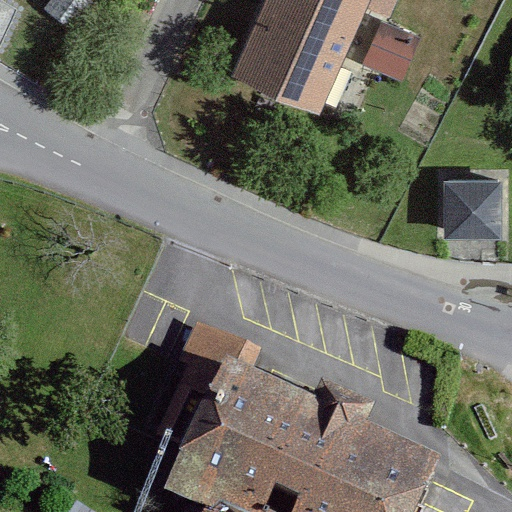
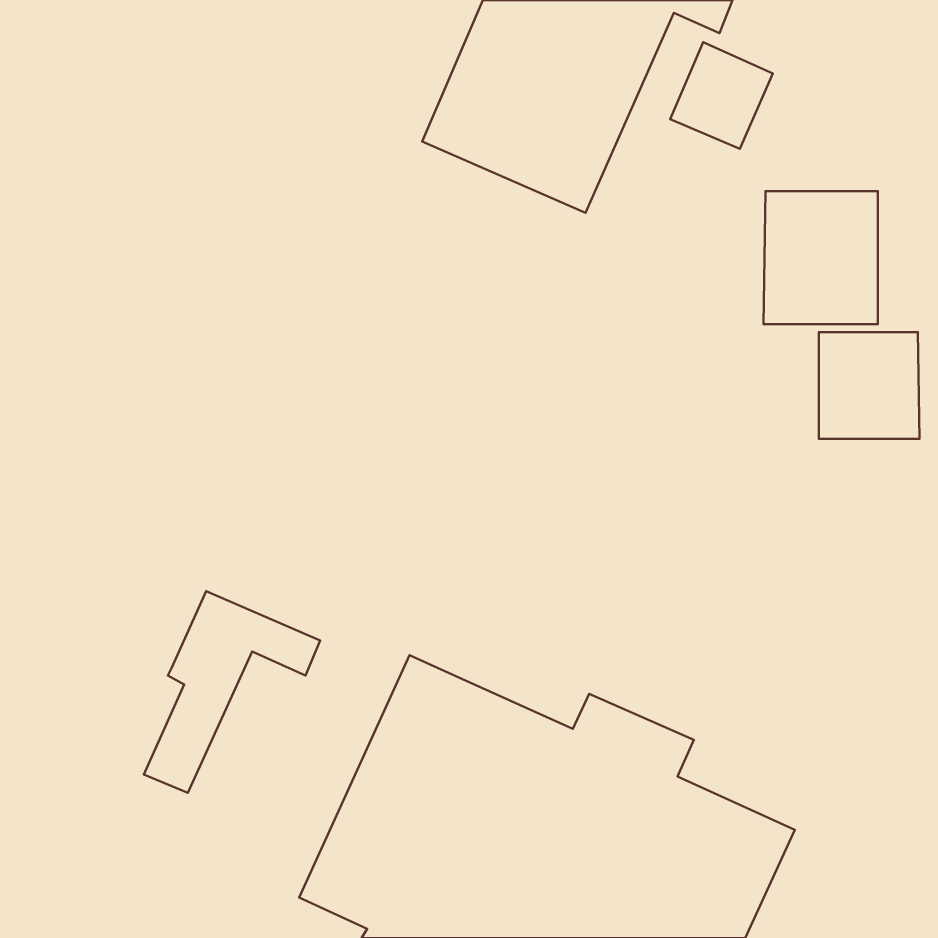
building: none -> [764,191,878,324]
building: [164,324,260,434] -> [144,591,320,793]

